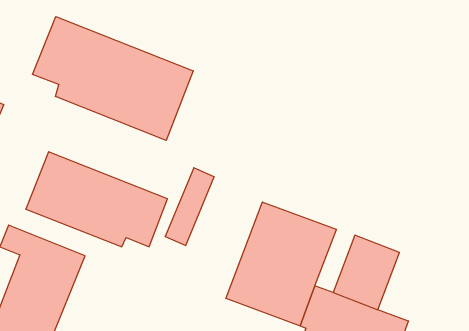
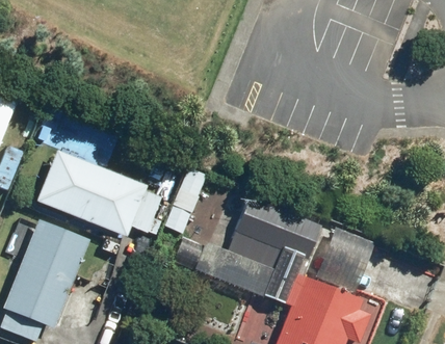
building: [32,17,193,140] -> none

